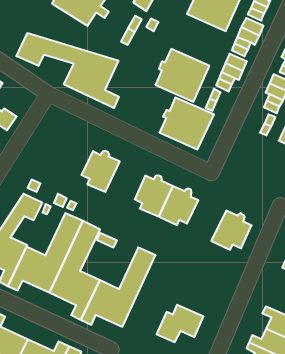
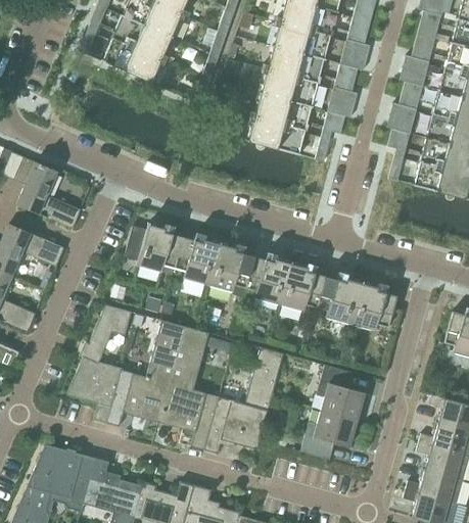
building: [16,33,119,108] -> none
building: [159,97,214,149] -> [261,46,325,106]
building: none -> [125,225,184,276]
building: none -> [208,244,254,292]
building: none -> [317,273,363,324]
building: none -> [317,365,365,420]

